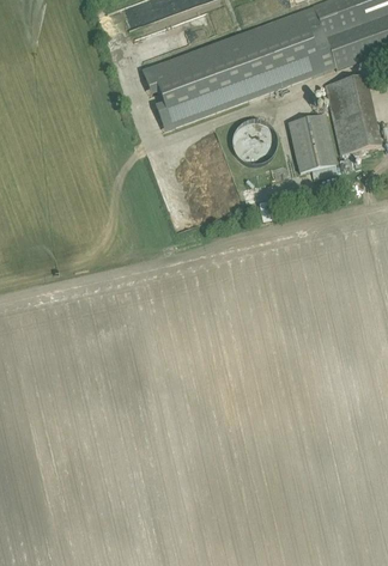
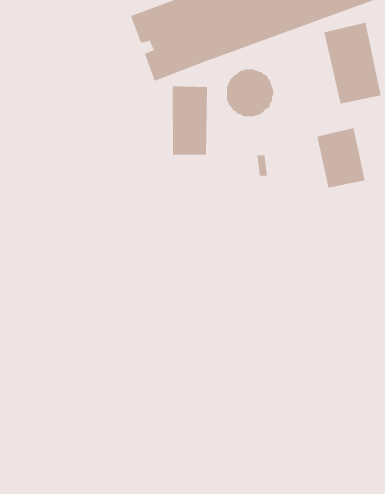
building: [287,112,334,170] -> [316,127,366,188]
building: none -> [172,85,208,155]

